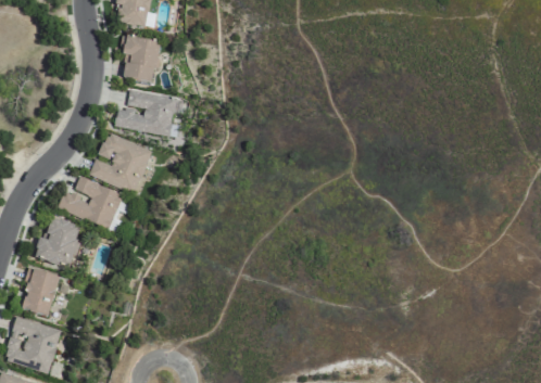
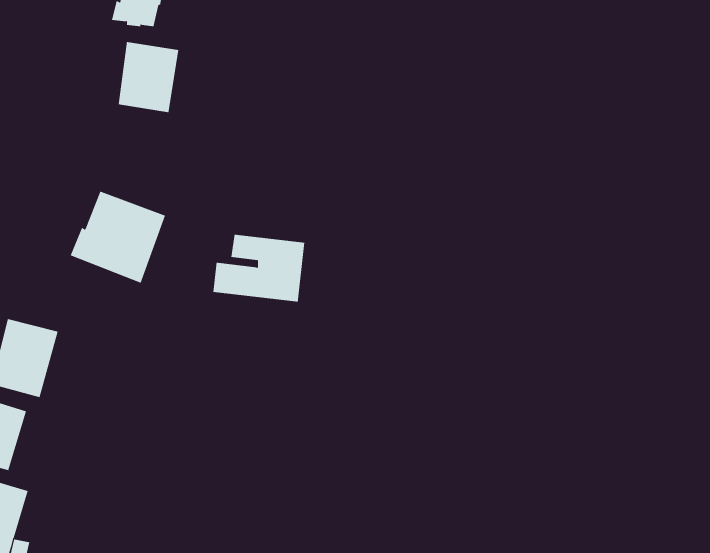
building: [115,89,176,133] -> [212,234,305,302]
building: [58,177,124,227] -> none

